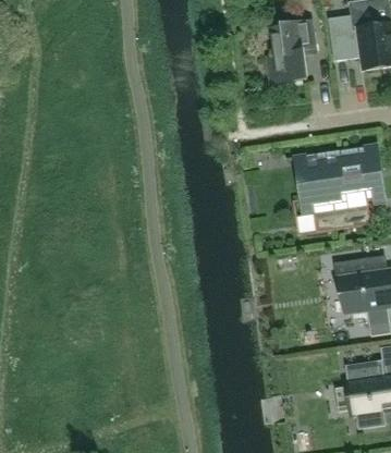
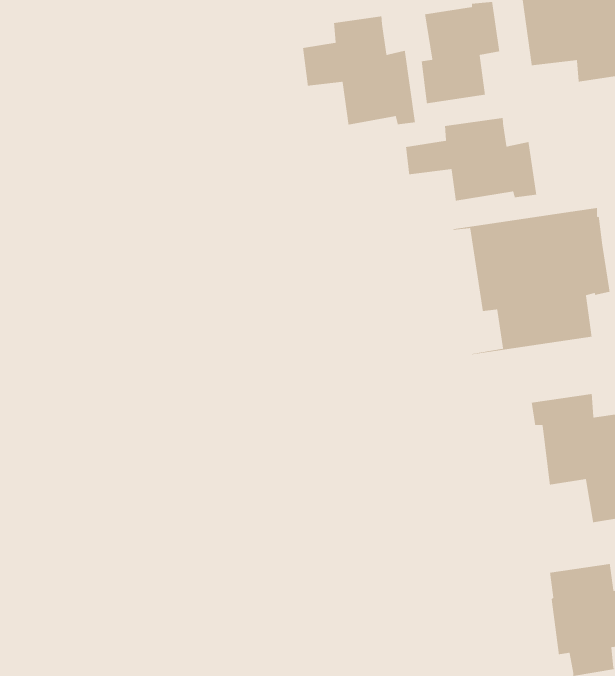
building: none -> [302,15,416,126]
building: none -> [405,117,537,202]

